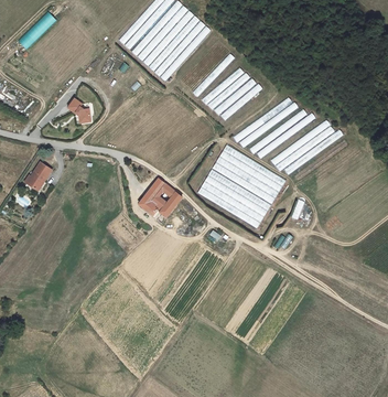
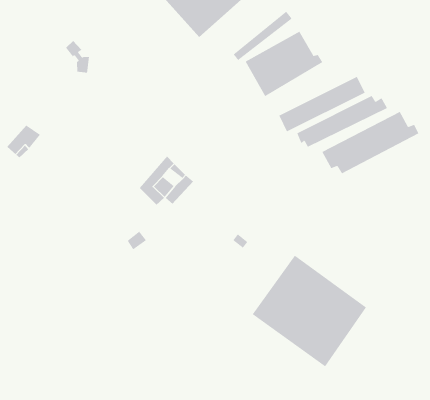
building: [197,144,285,228] -> [252,255,367,367]

